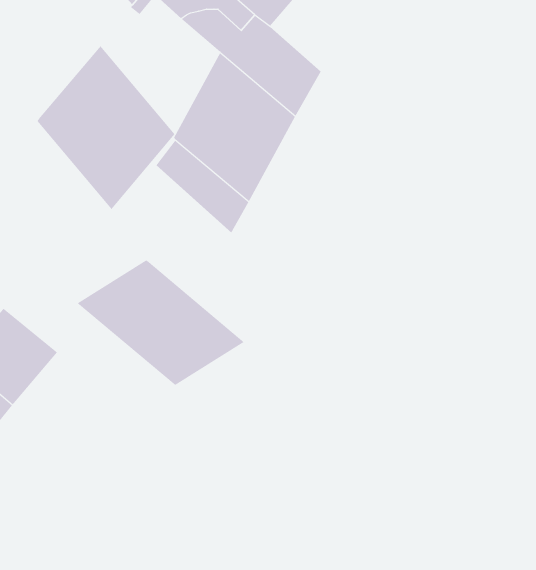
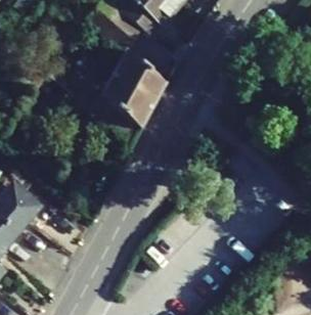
building: [37,46,175,210] -> none
building: [76,259,245,386] -> none

